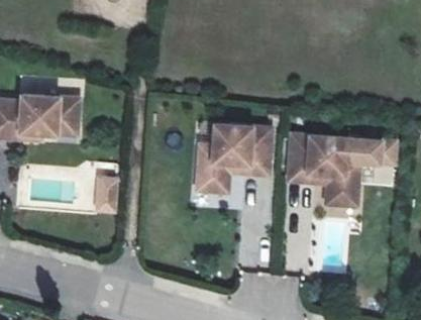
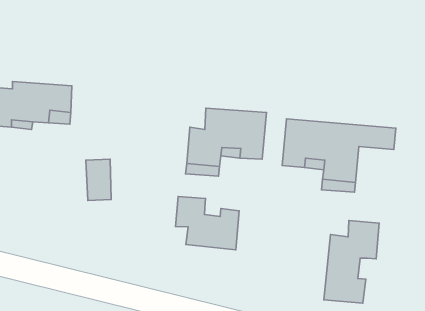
building: none -> [176,196,239,250]
building: none -> [324,221,379,303]

